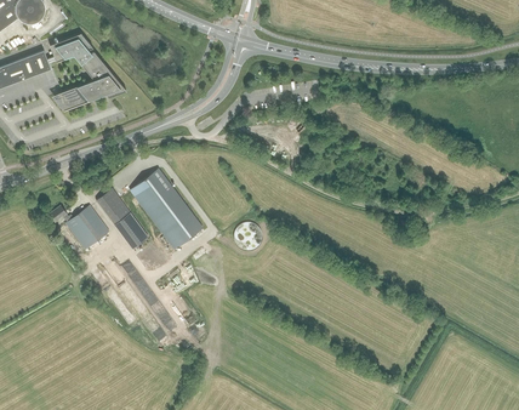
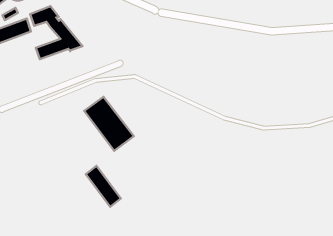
building: [96,189,148,250] -> [86,166,121,207]
building: [49,206,109,250] -> none

